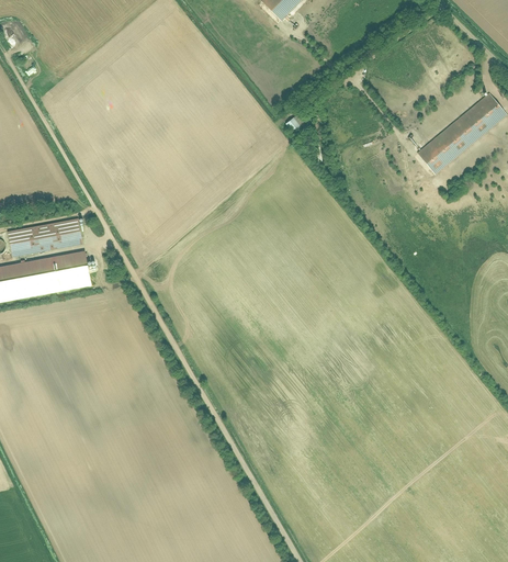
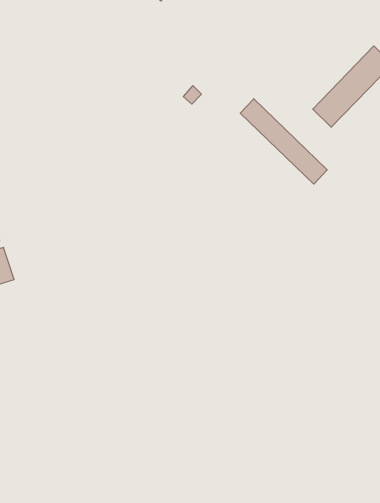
building: none -> [240,99,327,184]

